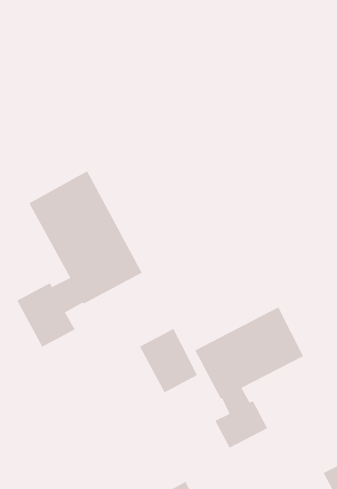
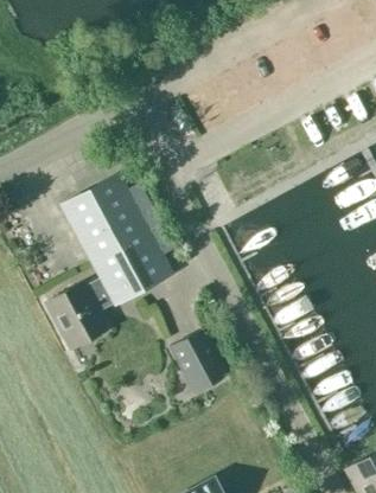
building: [195,307,304,449] -> none

